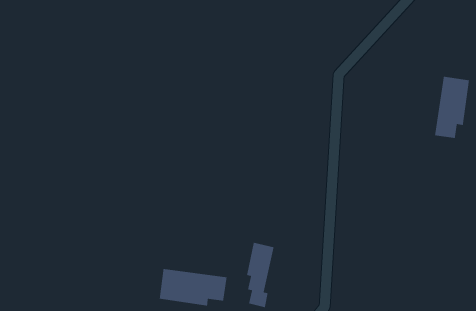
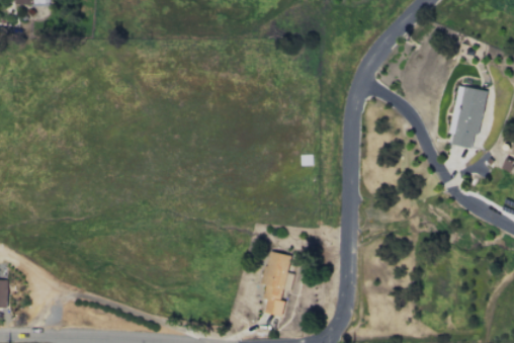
building: [159,268,227,307] -> none

